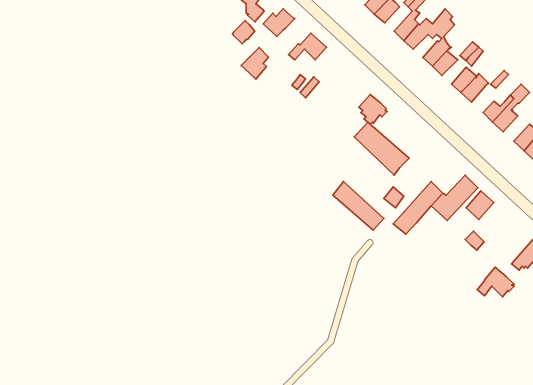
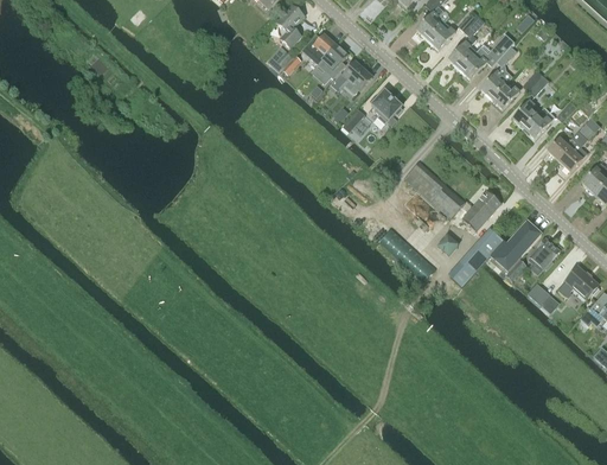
building: [241,48,269,79] -> [317,44,347,79]
building: [359,95,387,124] -> [371,90,403,123]
building: none -> [461,190,500,230]
building: [477,267,514,297] -> [557,266,599,299]

